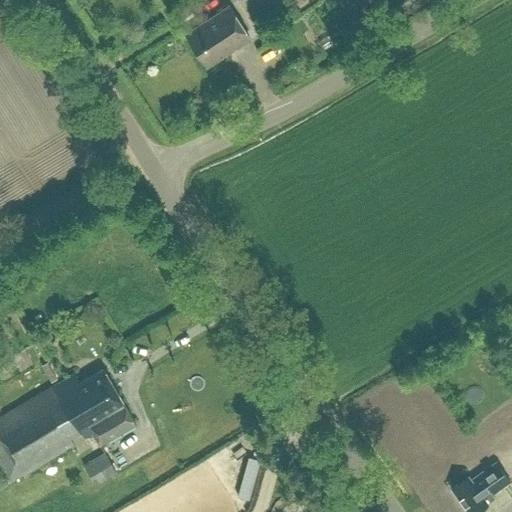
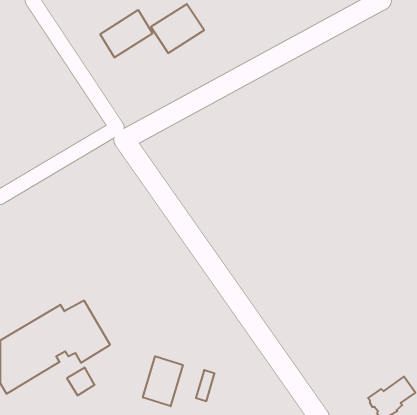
building: none -> [100,10,152,58]
building: none -> [143,356,183,406]

